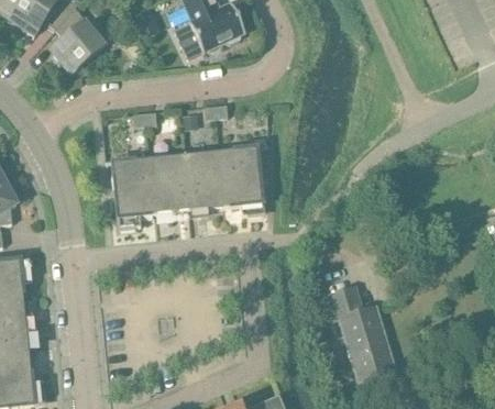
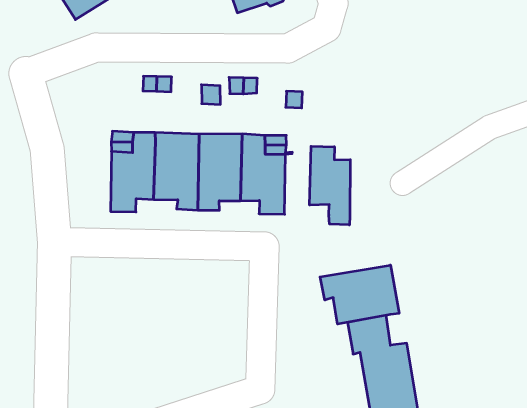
building: none -> [310,146,350,225]
building: none -> [320,265,399,324]

